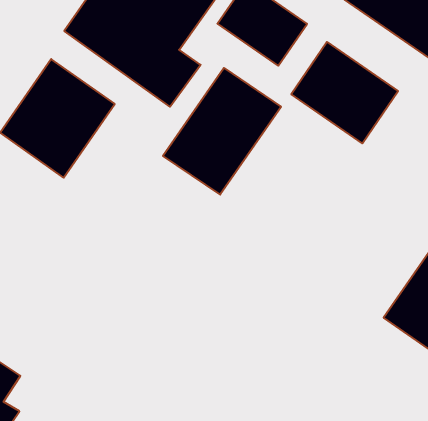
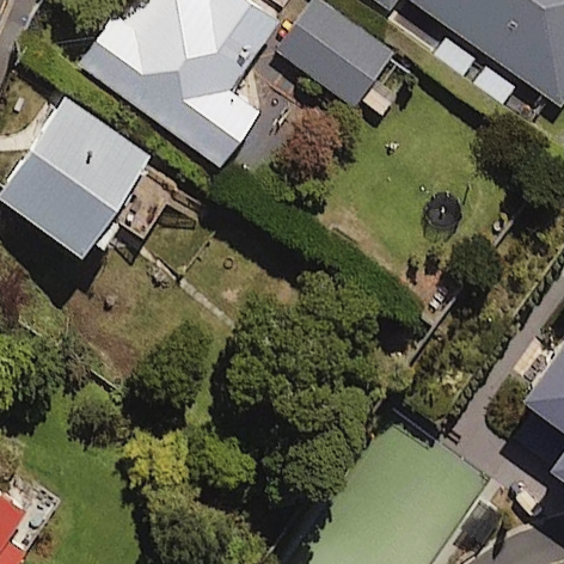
building: [291,42,398,143] -> none
building: [163,68,281,195] -> none

